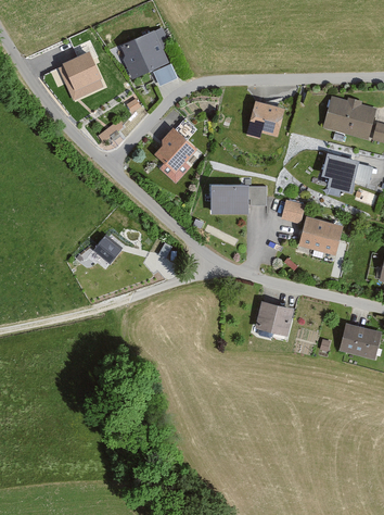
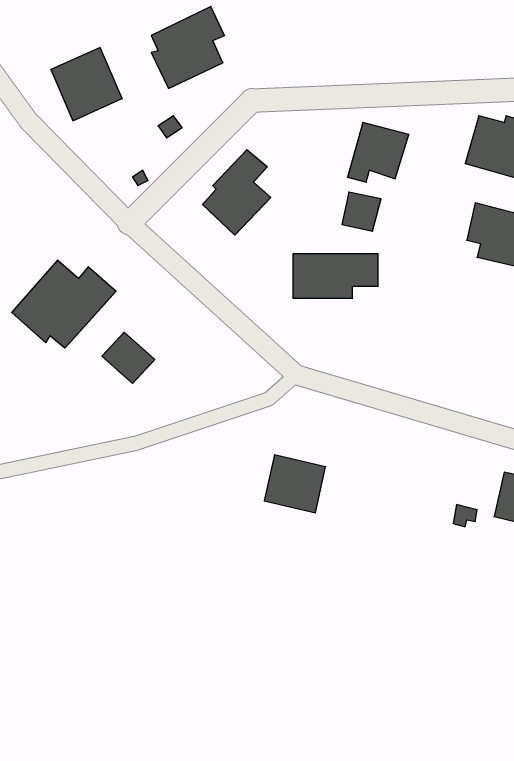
building: none -> [12,260,116,348]
building: [280,199,305,224] -> [342,192,381,231]
building: [298,216,344,256] -> none
building: [254,301,293,338] -> [264,455,326,513]

